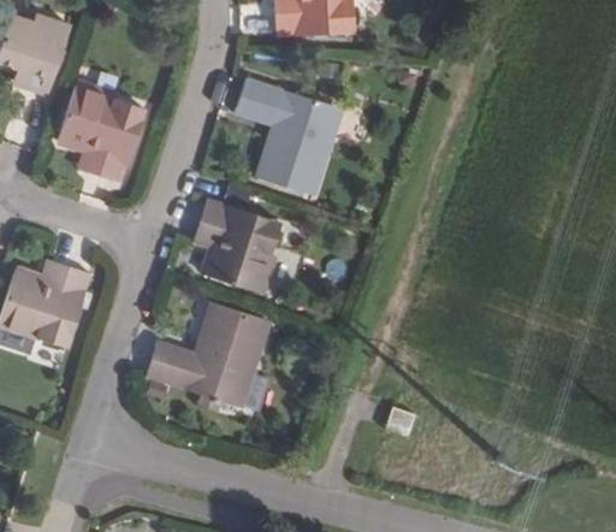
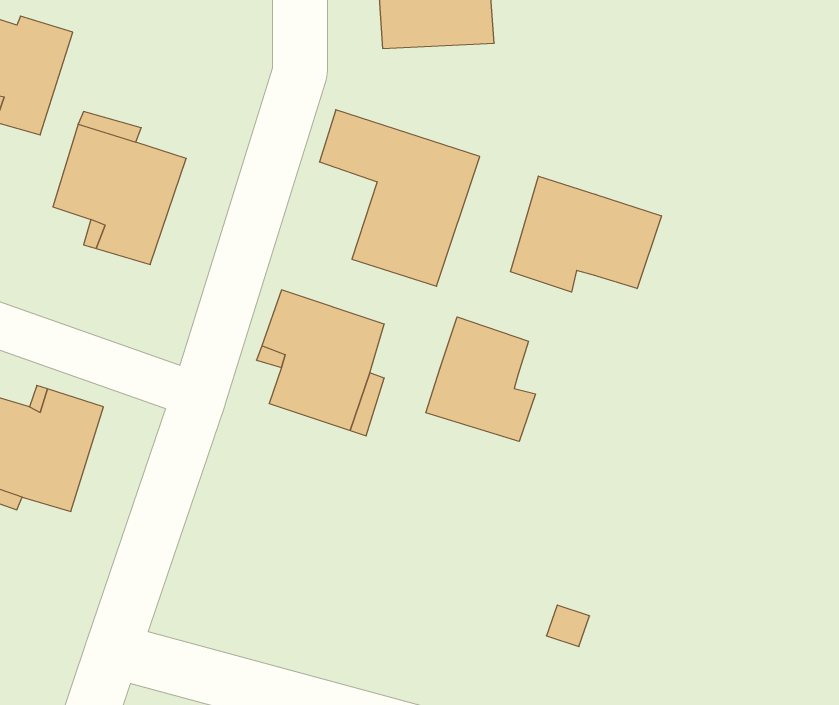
building: none -> [511,176,661,292]
building: none -> [426,317,535,441]
building: [146,302,268,410] -> none

